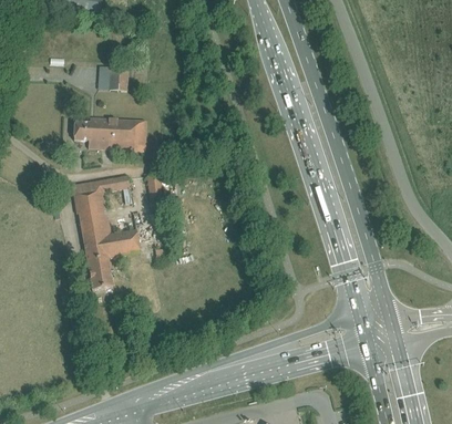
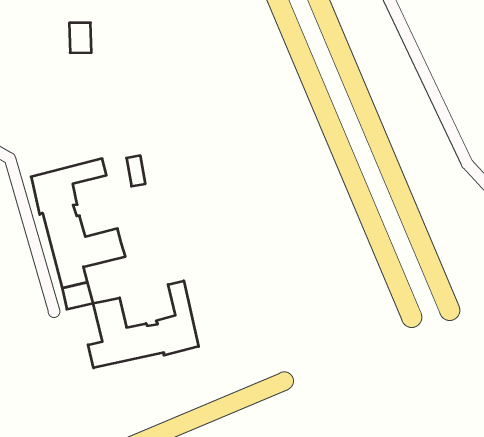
building: [74,117,147,151] -> none
building: none -> [88,281,199,368]

